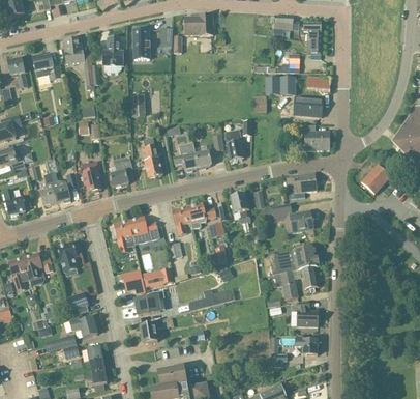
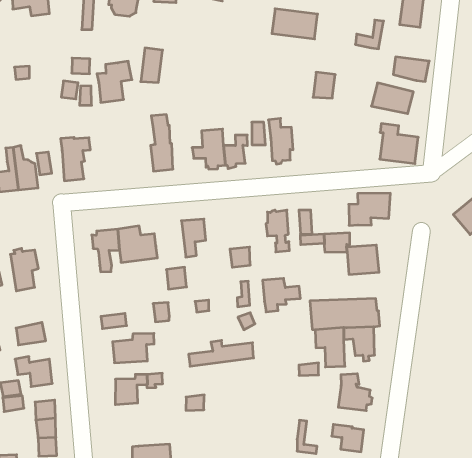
building: [266,77,296,94] -> [272,9,318,39]
building: [109,155,133,187] -> [97,61,132,102]
building: [188,203,216,228] -> [263,278,300,312]

